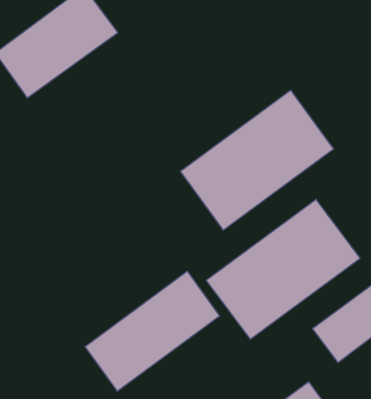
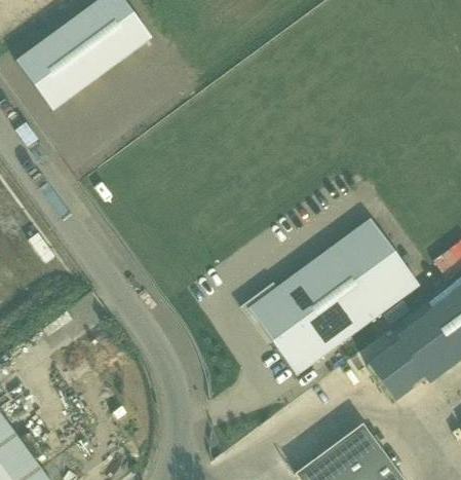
building: [181,90,333,230] -> none
building: [85,271,220,391] -> none

